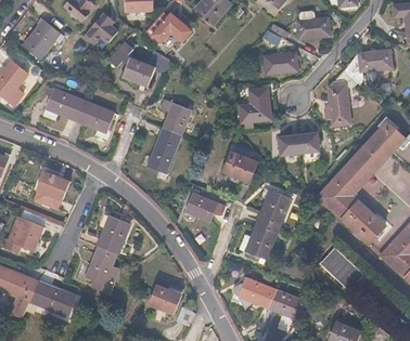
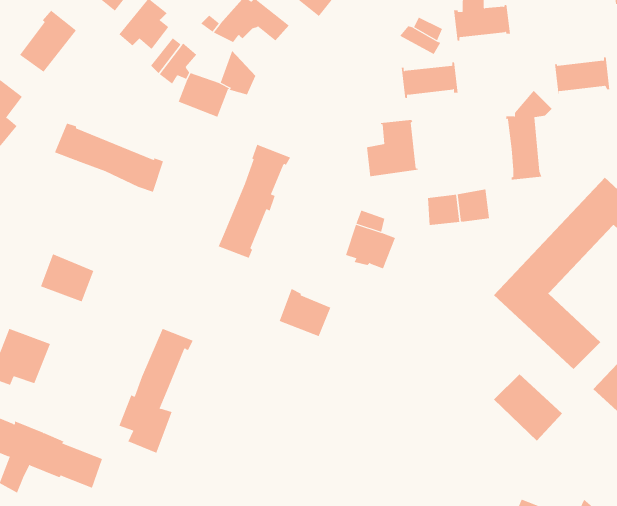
building: [245,189,291,259] -> none
building: [231,277,302,318] -> none
building: [148,283,181,314] -> none

